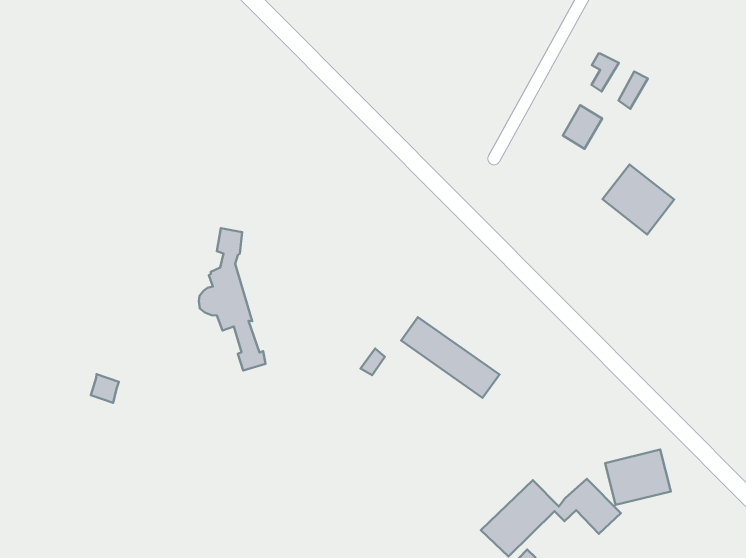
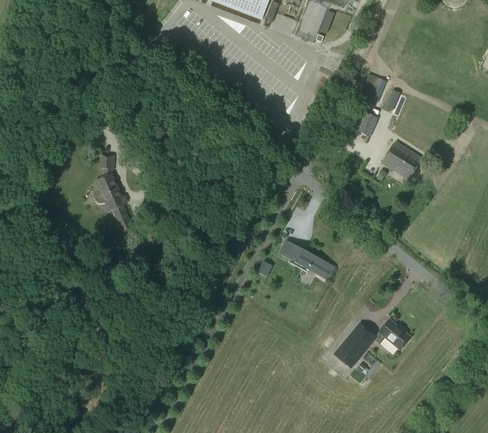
building: [199,228,265,370] -> [93,154,134,232]
building: [605,449,671,505] -> none

